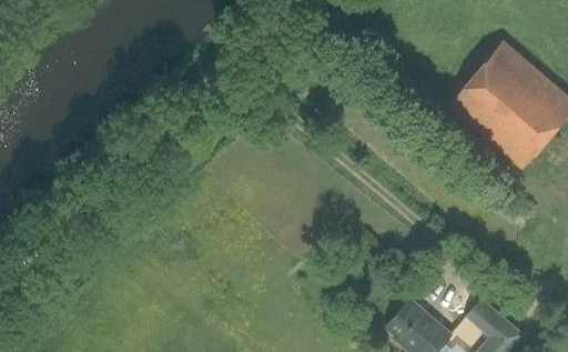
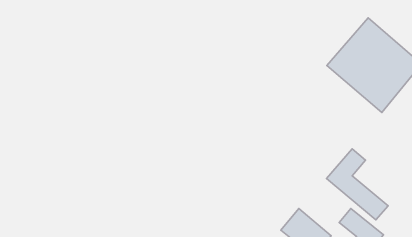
building: none -> [326,149,388,220]

